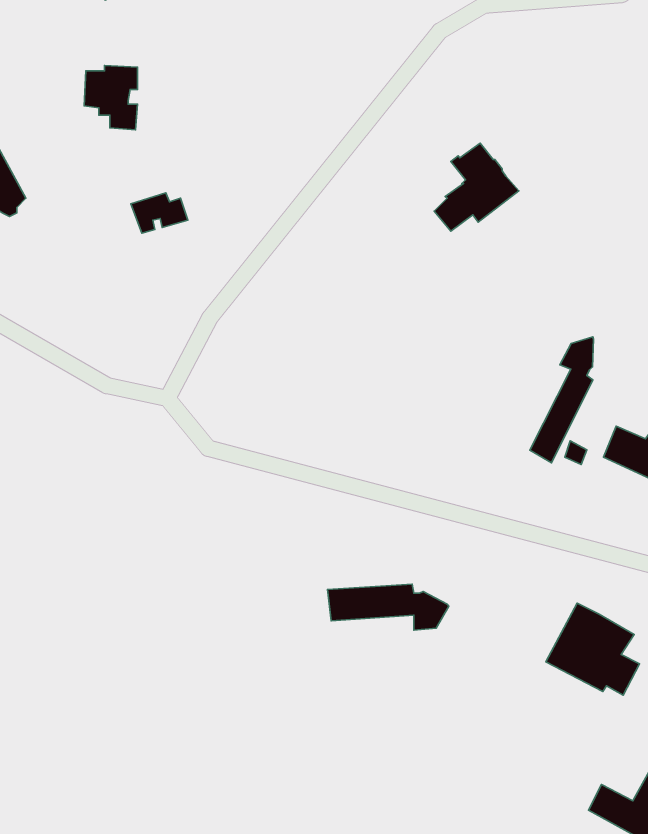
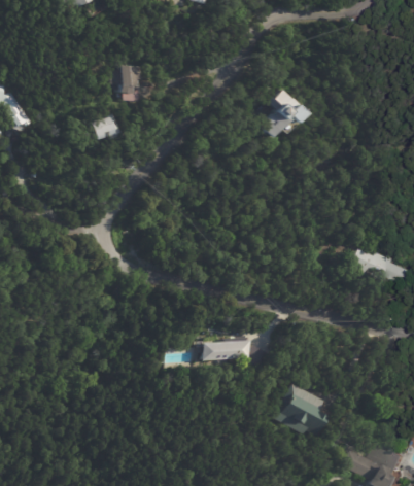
building: [84,65,137,130] -> [111,65,141,101]
building: [530,337,593,463] -> none
building: [546,603,640,695] -> [278,384,331,436]

